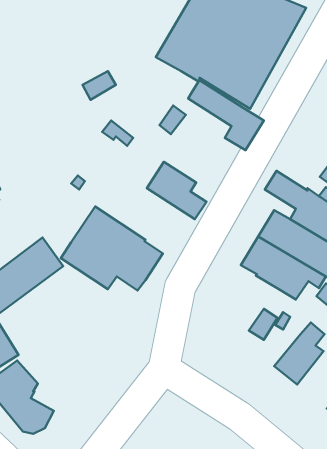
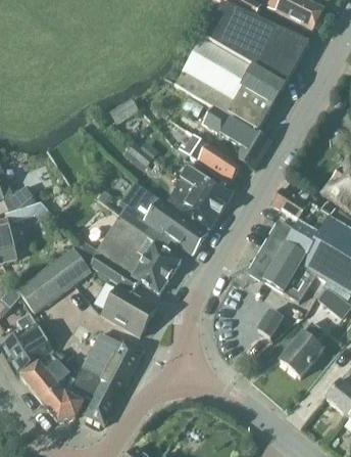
building: none -> [190,138,241,182]
building: none -> [181,163,233,214]
building: none -> [130,188,207,254]
building: none -> [102,284,155,334]
building: none -> [62,332,143,424]

